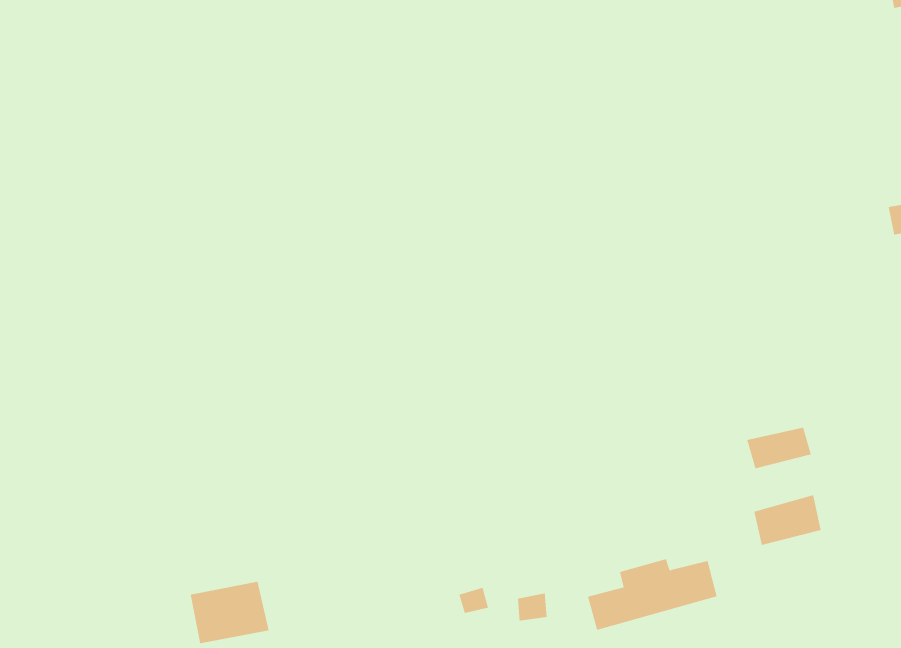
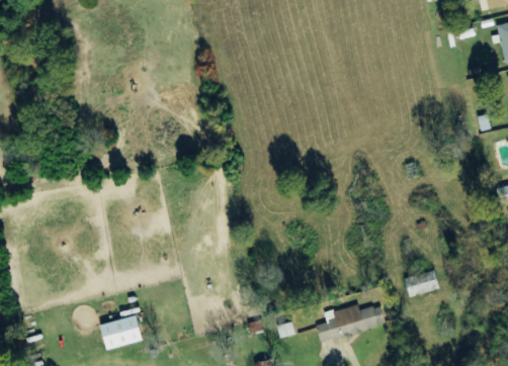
building: [746,427,812,469] -> none

